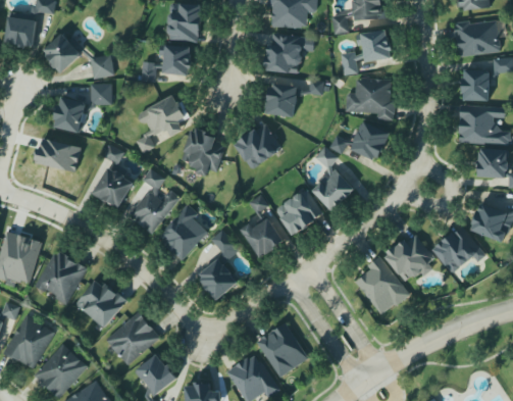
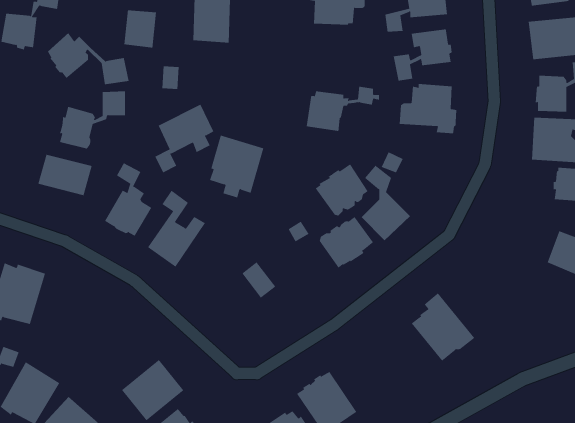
building: [264,33,314,73] -> none
building: [163,42,192,74] -> [123,10,157,48]
building: [352,121,390,160] -> none
building: [235,123,280,168] -> [315,164,368,216]
building: [157,204,208,260] -> none
building: [241,216,285,257] -> none
building: [433,227,485,271] -> none
building: [386,234,433,284] -> none
building: [36,250,89,304] -> none
building: [197,258,239,300] -> none
building: [75,281,126,328] -> none

